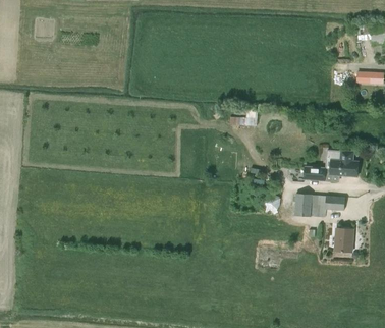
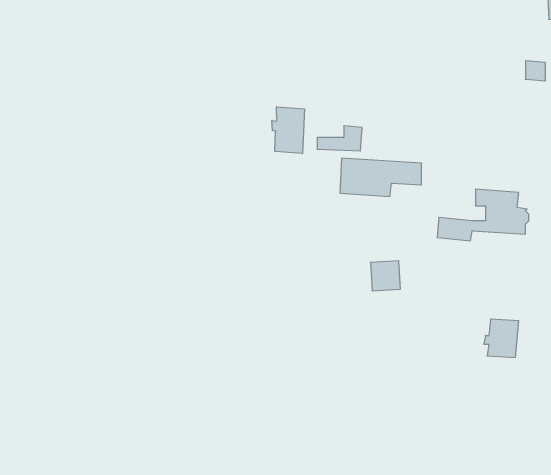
building: none -> [272,107,304,154]
building: [294,194,344,217] -> [340,158,422,196]

